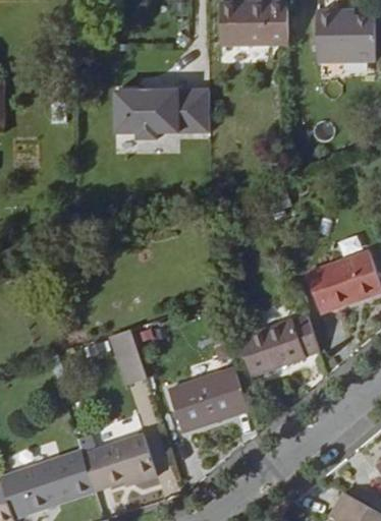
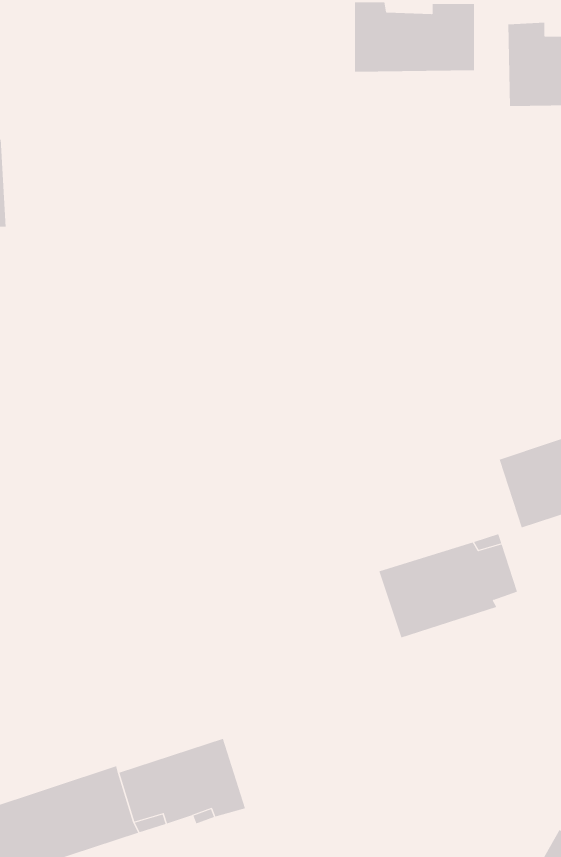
building: [115,86,209,132] -> none
building: [111,331,147,386] -> none
building: [170,368,248,431] -> none

